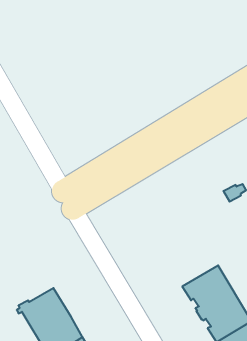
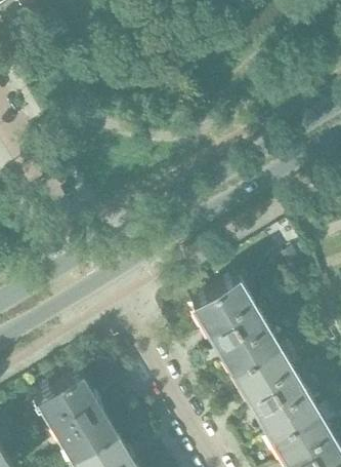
building: none -> [194,281,274,375]

